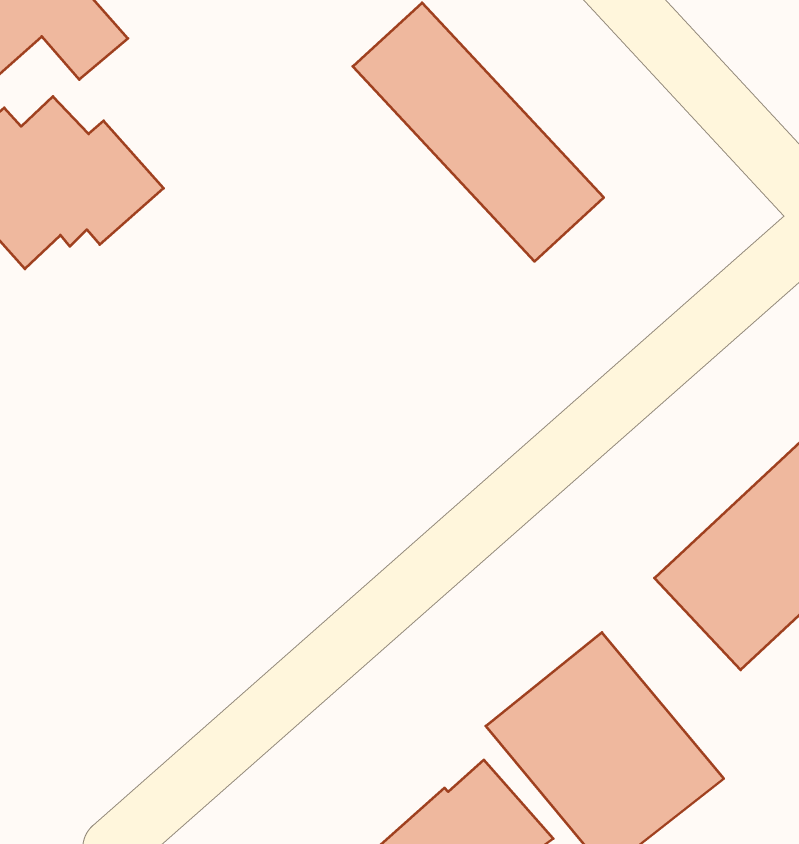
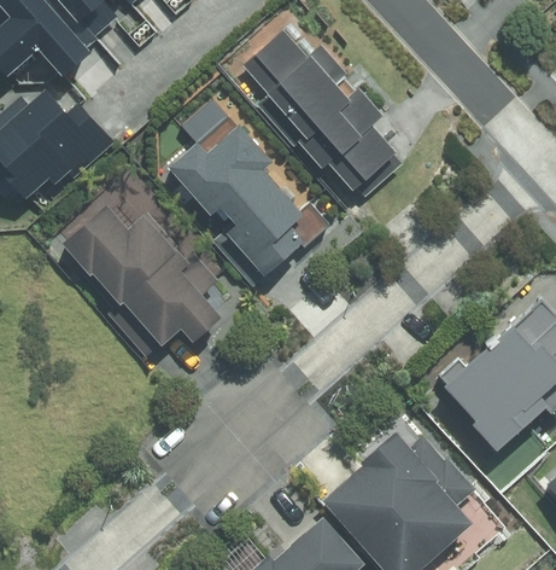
building: none -> [165,120,335,283]
building: none -> [68,209,232,353]

